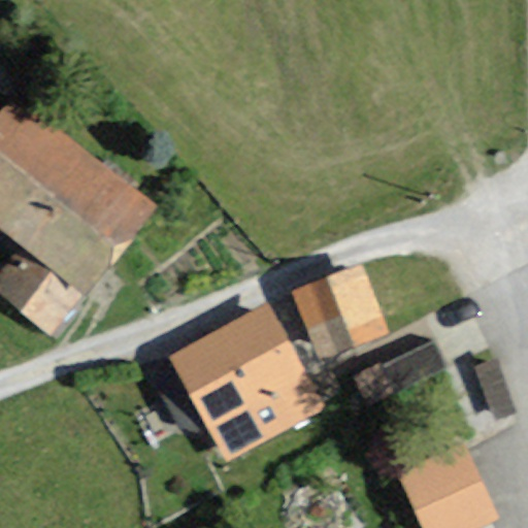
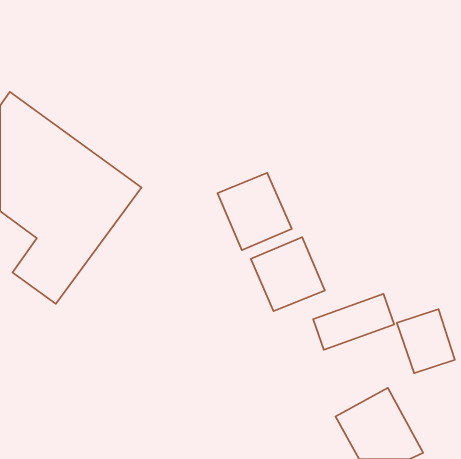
building: none -> [218,173,292,250]
building: [170,302,321,454] -> none

